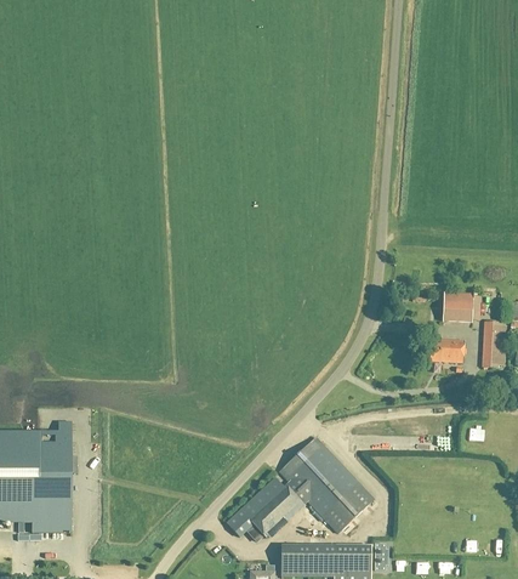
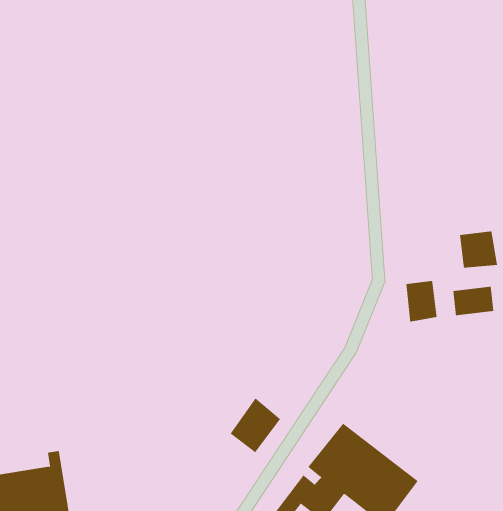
building: none -> [406,280,437,322]
building: none -> [230,398,281,453]

